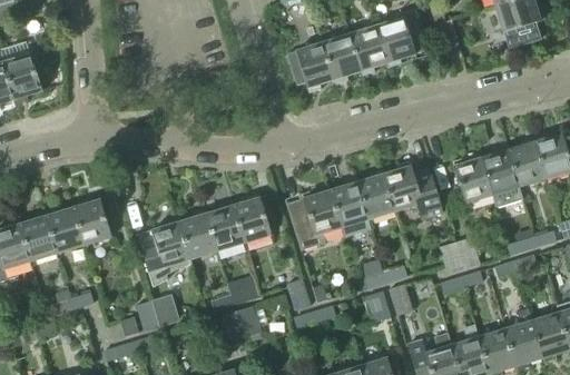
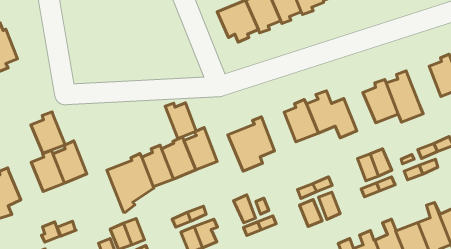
building: [509,136,547,187] -> none
building: none -> [165,103,196,138]
building: [332,177,371,236] -> none
building: [19,210,58,259] -> [31,112,65,153]

